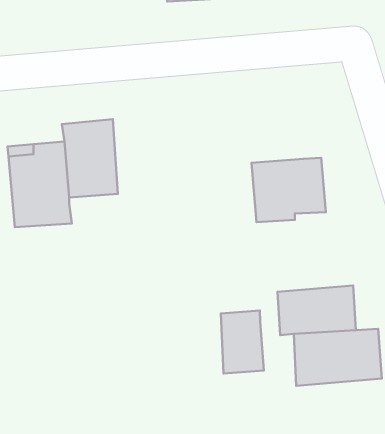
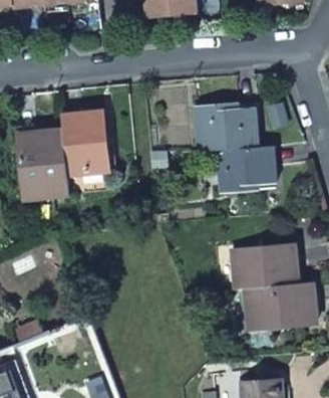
building: none -> [195,103,257,148]
building: [221,311,264,373] -> none

